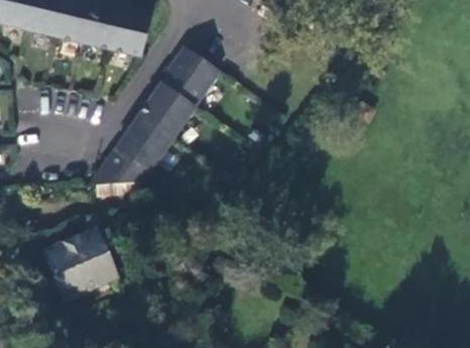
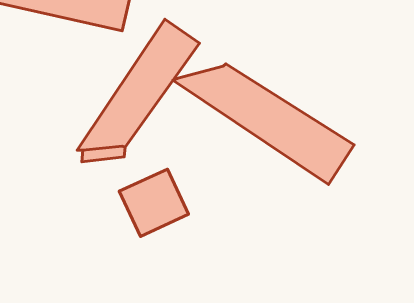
building: none -> [173,64,354,184]
building: [42,232,115,303] -> [119,169,189,236]

